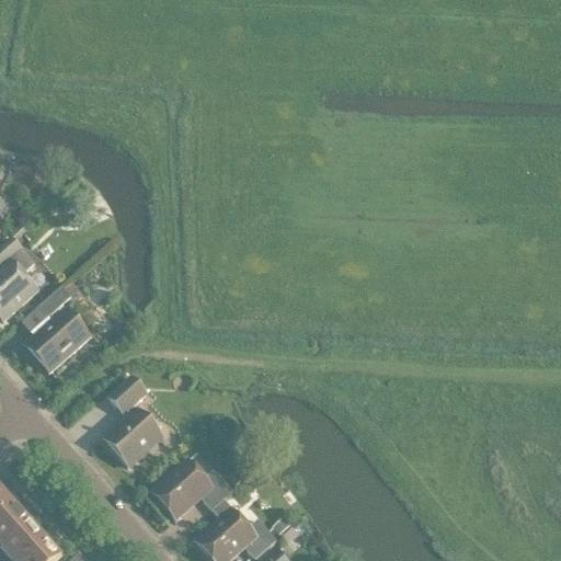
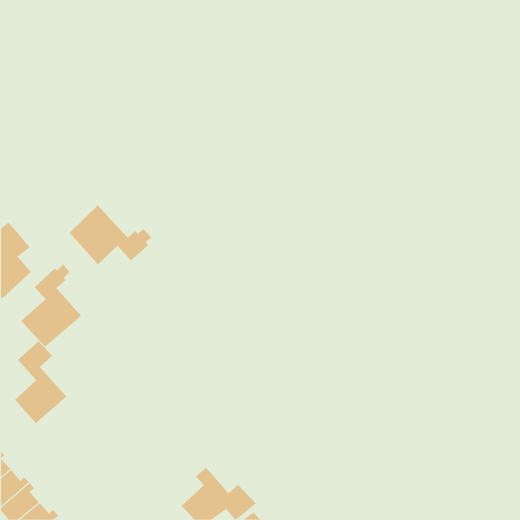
building: none -> [69,204,152,265]
building: [105,377,162,467] -> [14,340,67,424]
building: [152,461,233,519] -> none

